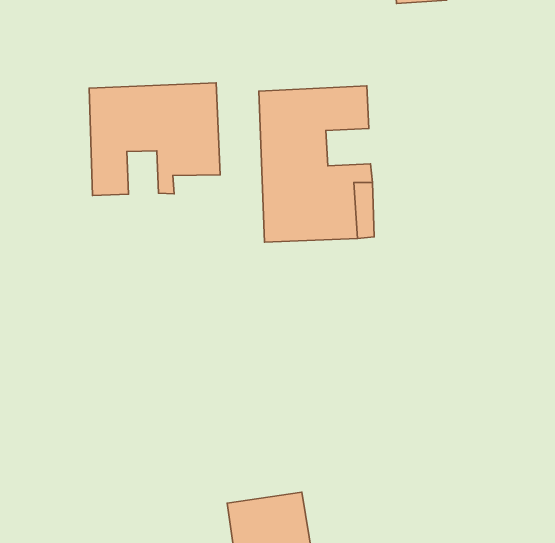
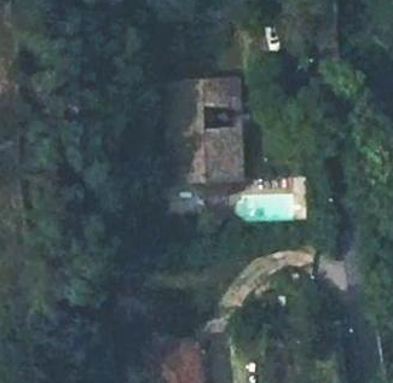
building: [89,83,220,195] -> none

